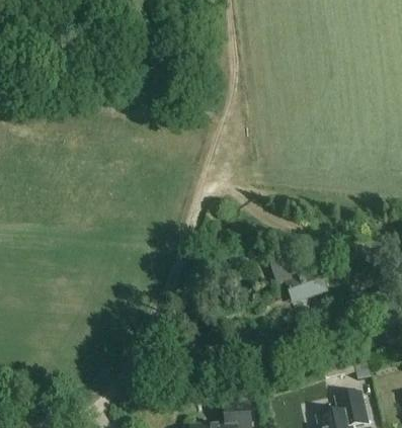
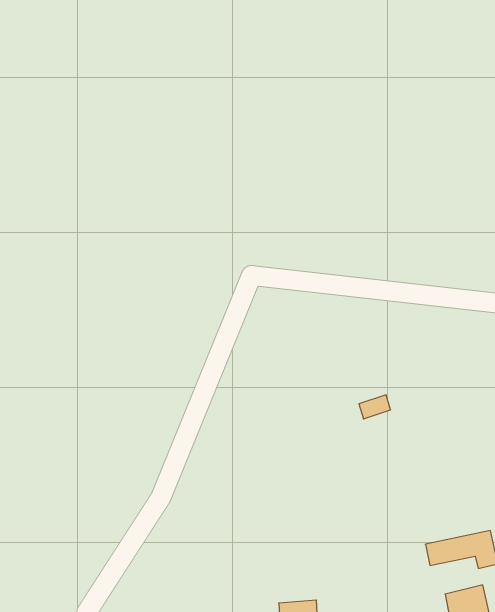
building: [288,275,325,305] -> none

